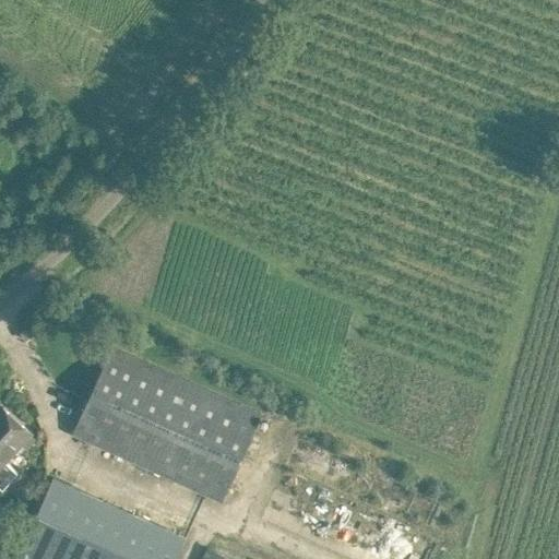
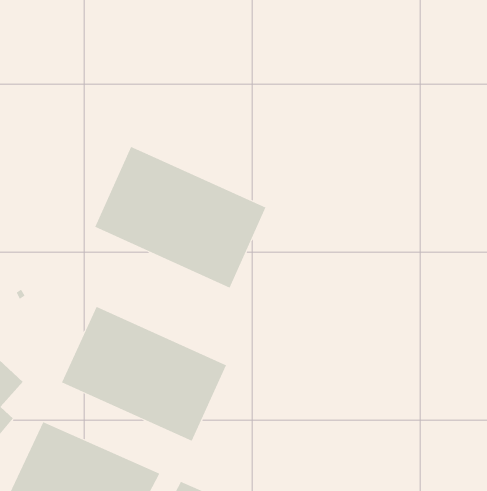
building: none -> [94,146,266,288]

